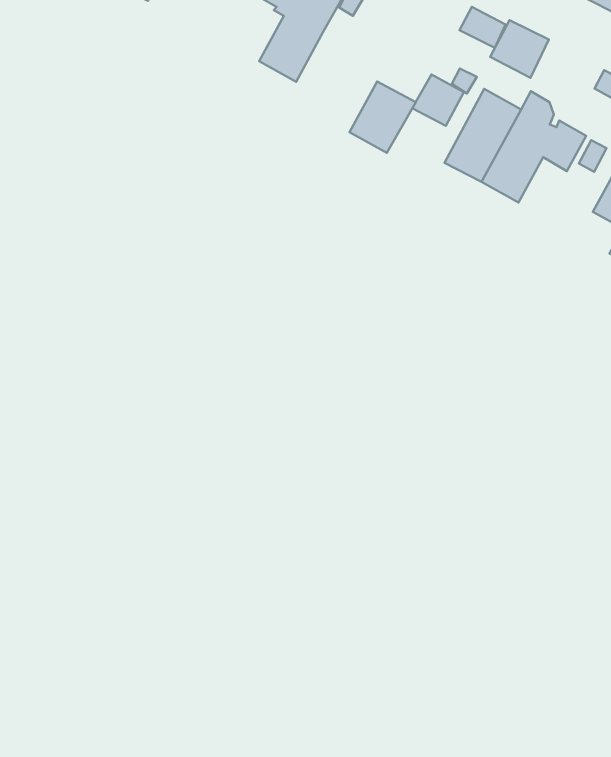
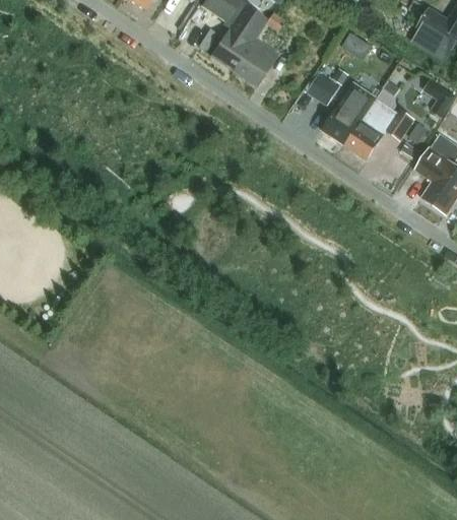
building: [490,20,549,78] -> none
building: [350,82,416,153] -> [235,39,278,84]

